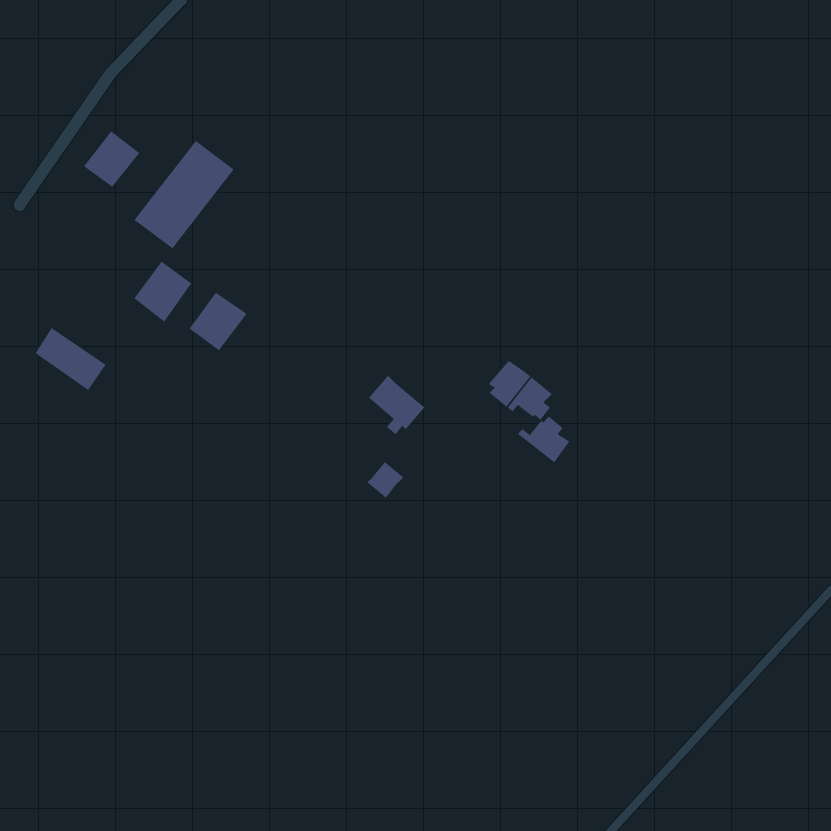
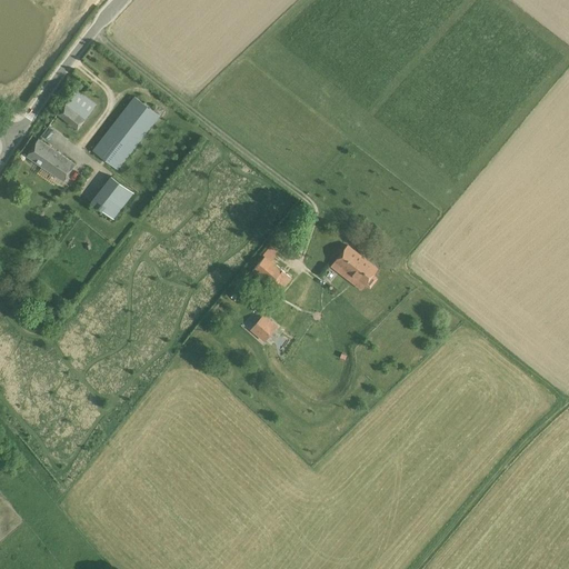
building: [189,292,248,351] -> none
building: [35,327,106,391] -> [26,139,74,182]
building: [517,415,570,463] -> none

